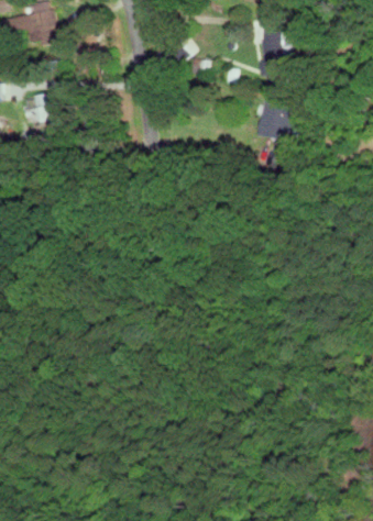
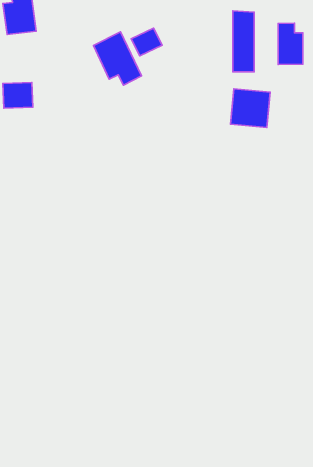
building: none -> [278,23,303,65]
building: none -> [93,32,142,85]

